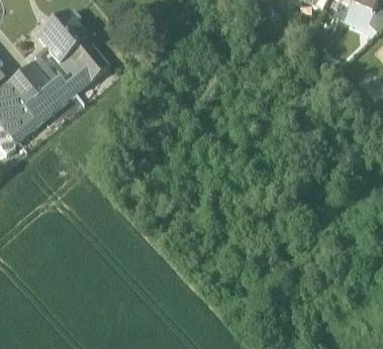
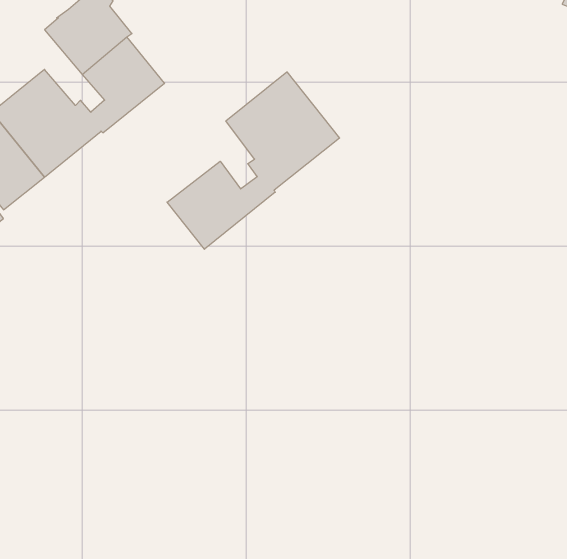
building: none -> [167,72,340,249]

